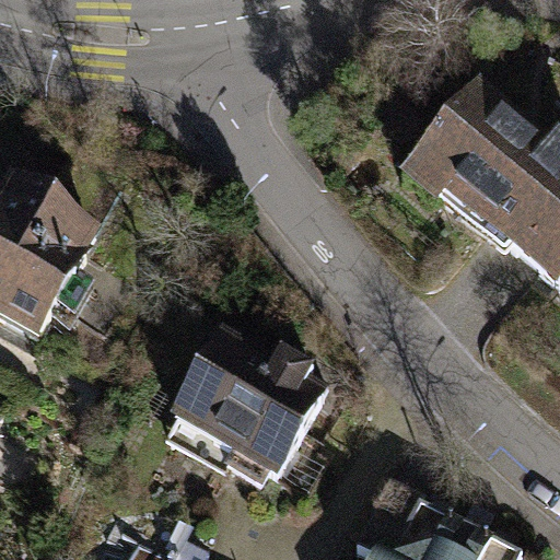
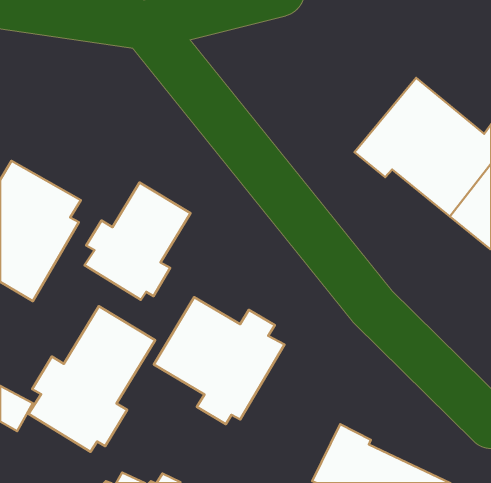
building: none -> [85,183,191,300]
building: none -> [29,306,155,452]

